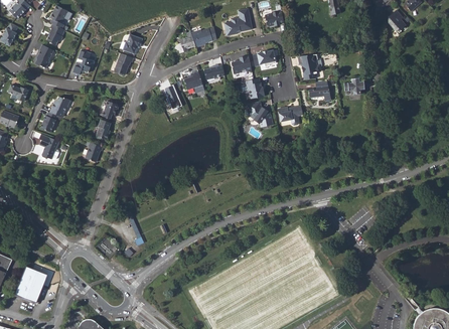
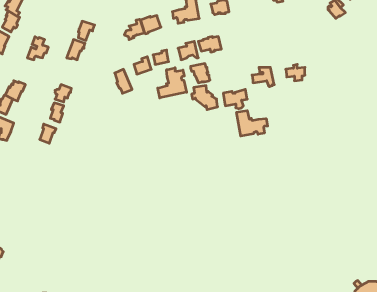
building: [298,55,320,79] -> none
building: none -> [158,68,187,98]
building: none -> [237,111,268,136]

